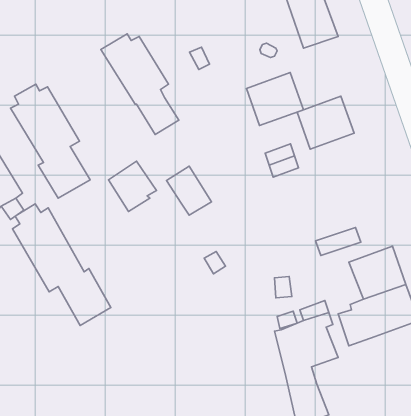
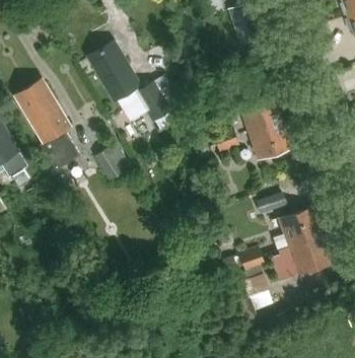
building: [246,73,303,126] -> [248,120,292,160]
building: [166,166,212,215] -> [137,81,171,119]
building: [13,204,111,325] -> none

